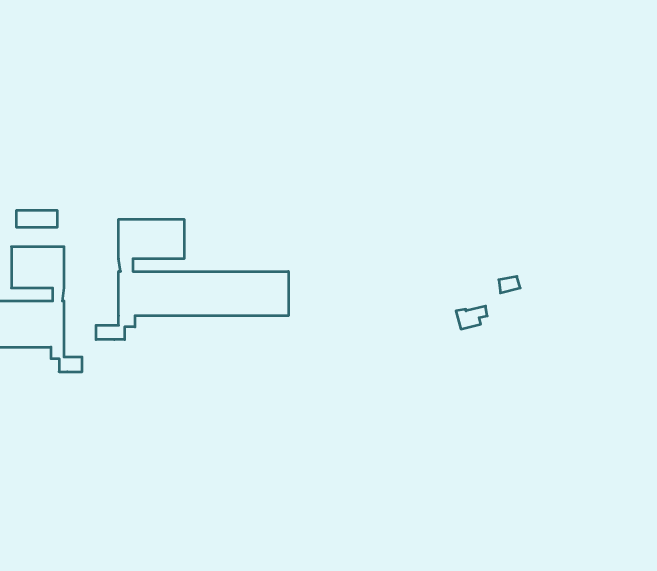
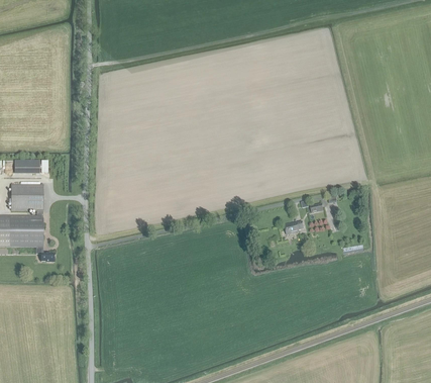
building: [96,219,288,340] -> none

